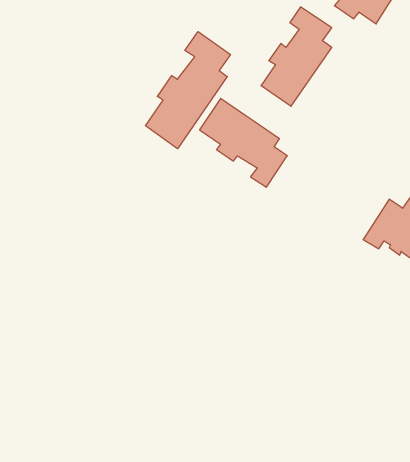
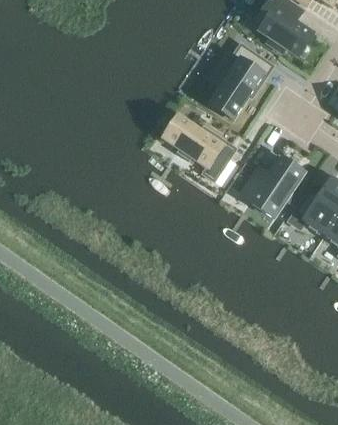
building: [145,32,230,149] -> none
building: none -> [241,156,304,217]

